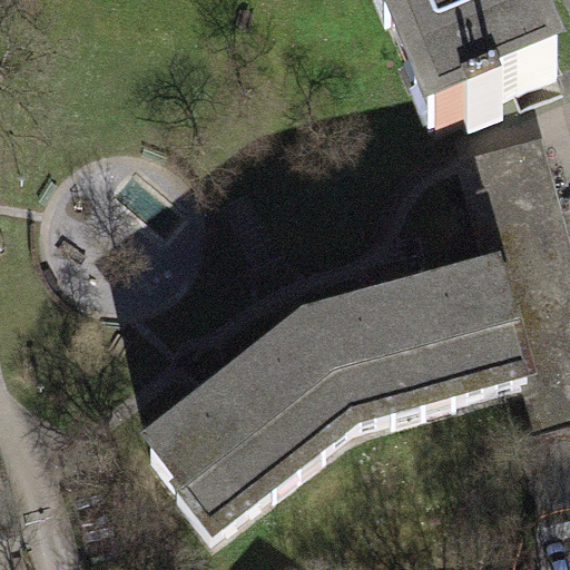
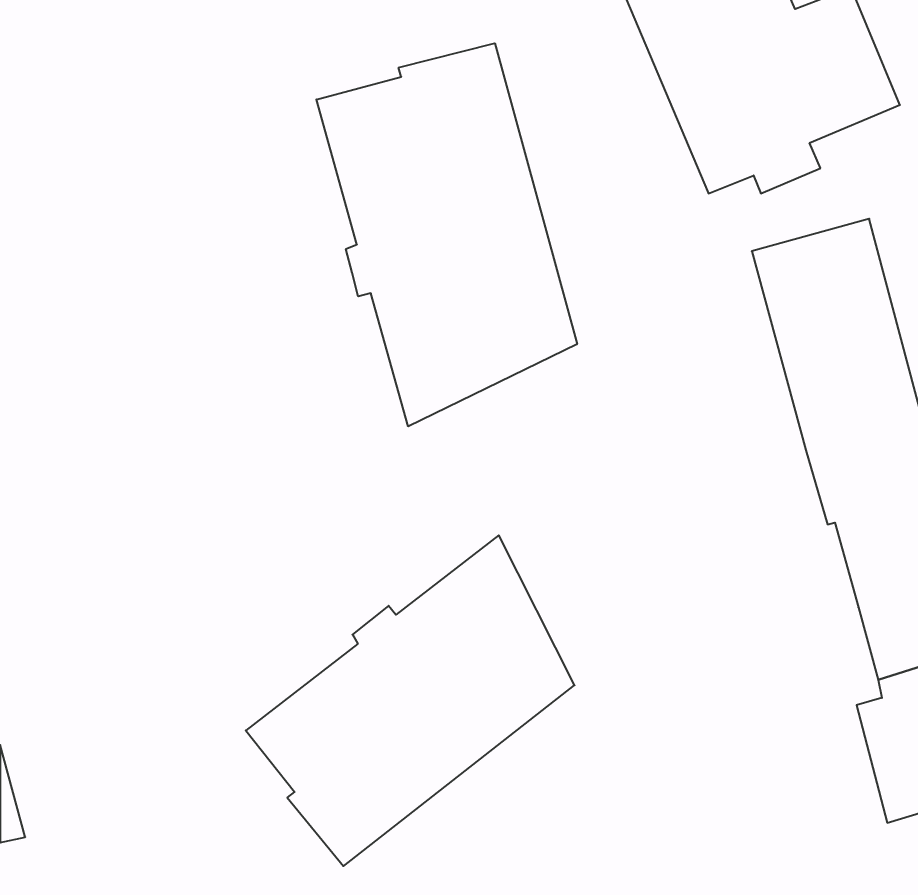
building: none -> [316,43,577,426]
building: [311,277,532,422] -> none

